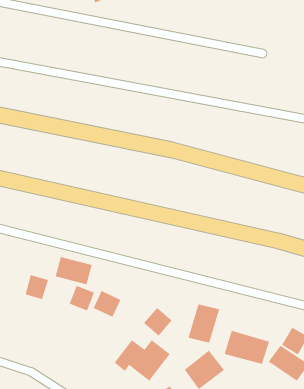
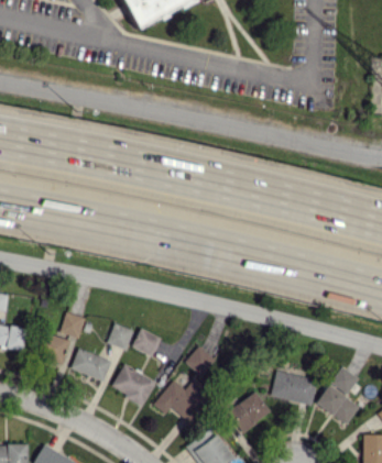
building: [55,257,92,285] -> [72,350,111,379]
building: none -> [42,334,69,364]
building: [188,303,220,343] -> none
building: none -> [111,363,156,405]

